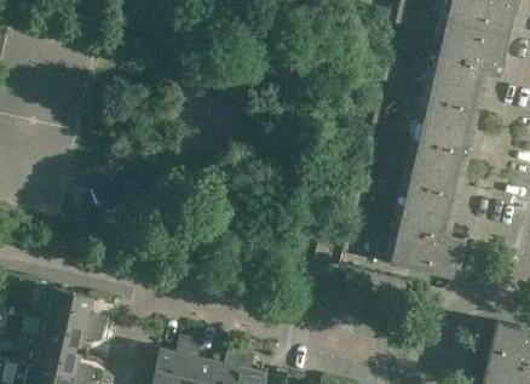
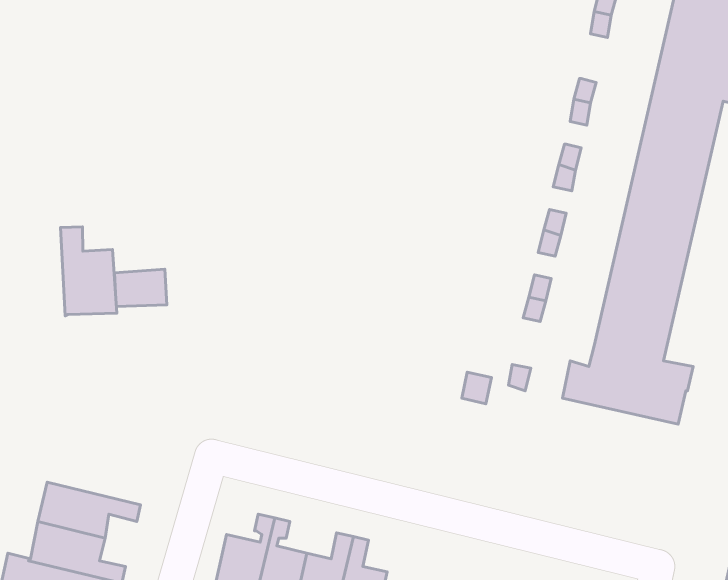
building: none -> [60,227,117,316]
building: [45,287,108,328] -> none

